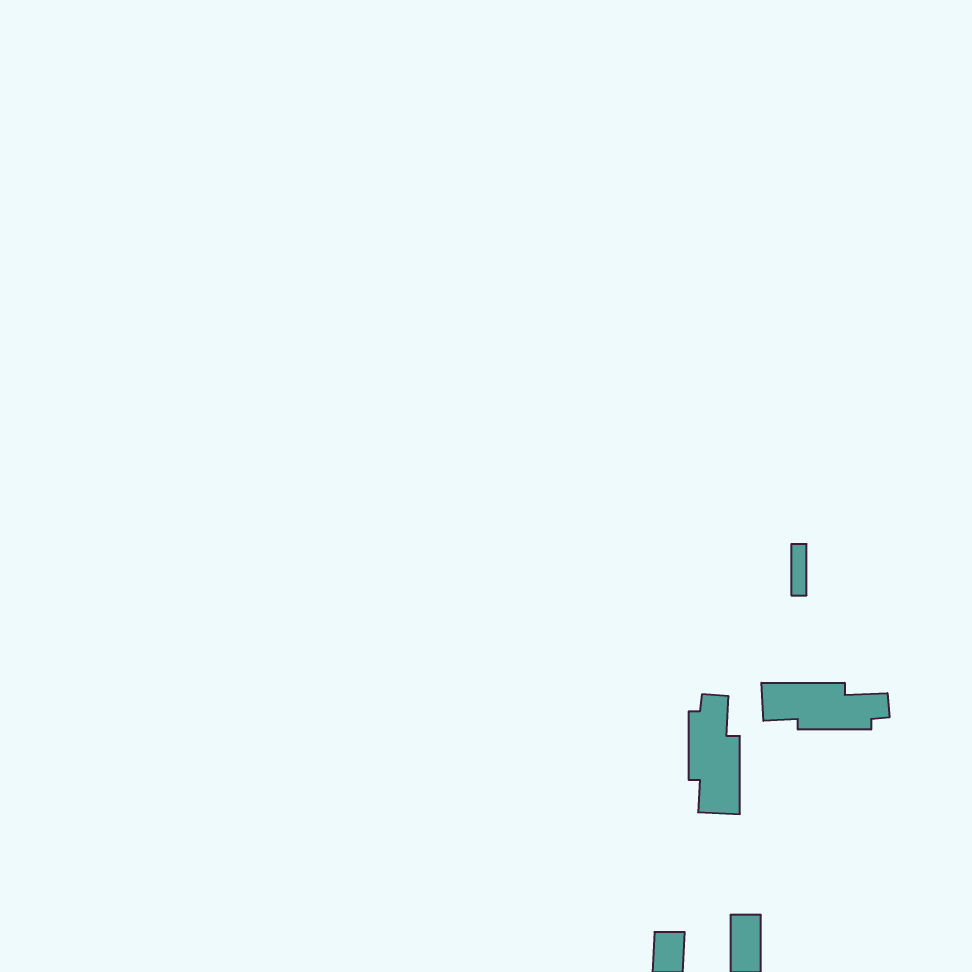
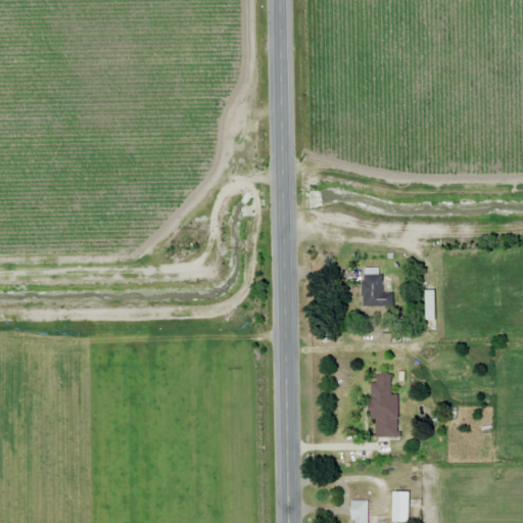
building: none -> [363,269,383,306]
building: [761,683,889,730] -> none

